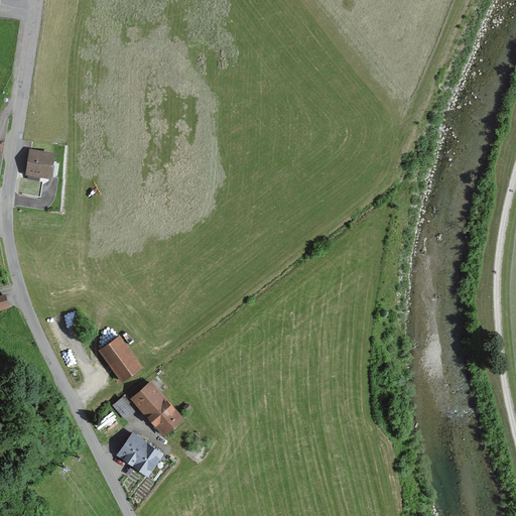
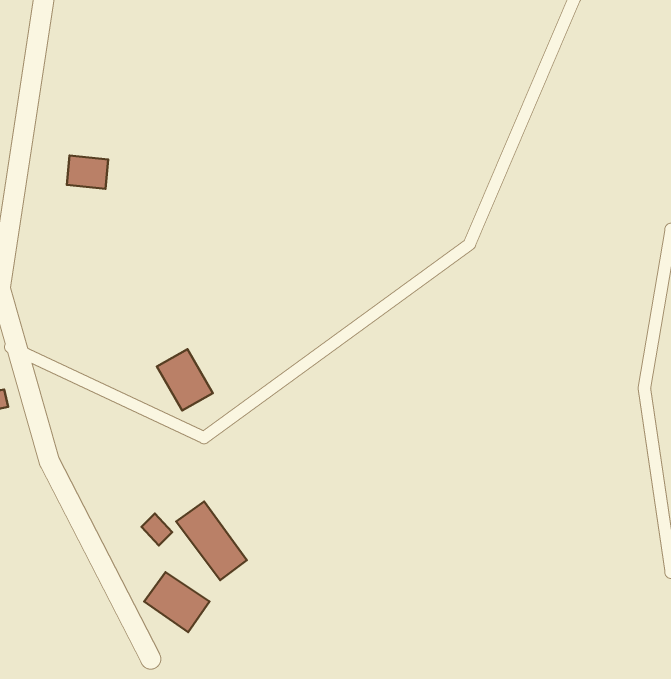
building: [19,151,50,176] -> [67,155,108,189]
building: [100,337,142,383] -> [157,349,213,410]

